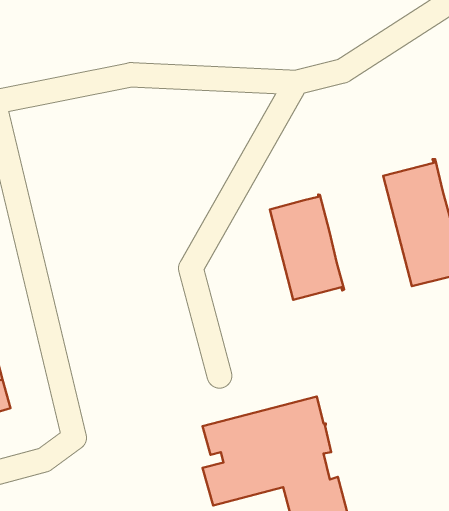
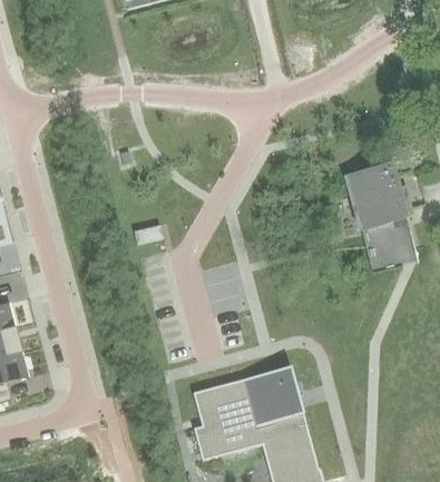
building: [270,194,344,300] -> none

